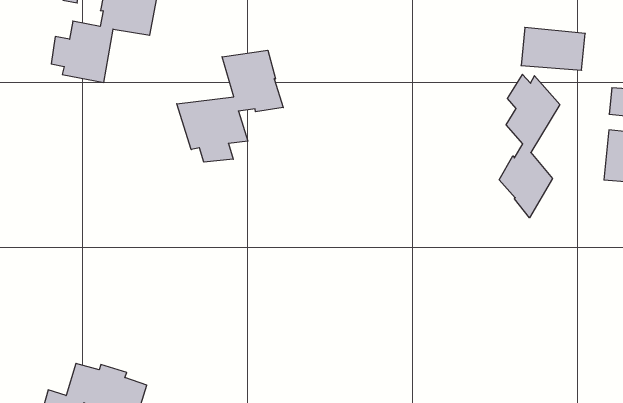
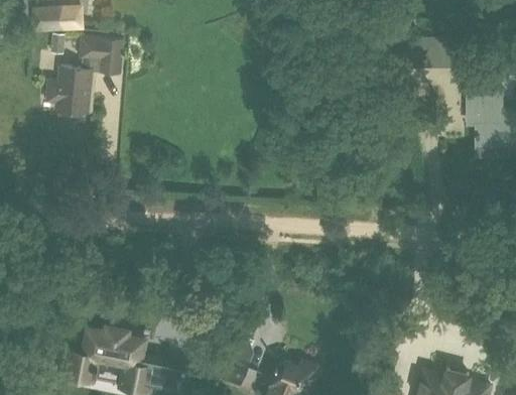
building: [177,50,283,162] -> none
building: [499,74,560,218] -> none

